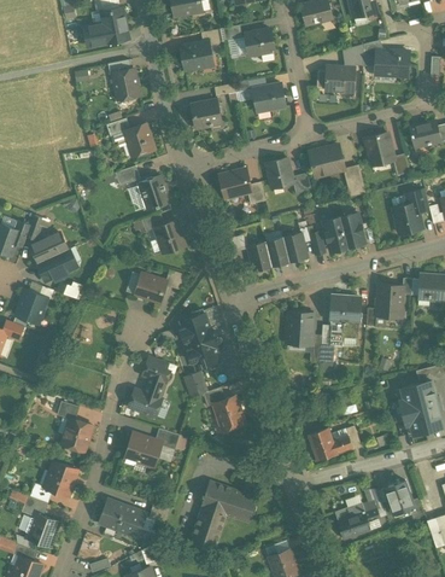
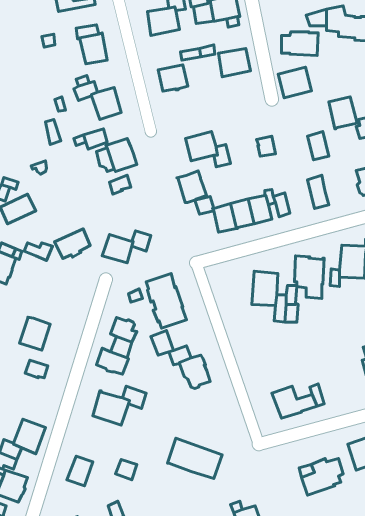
building: [310,145,344,176] -> [278,67,311,98]
building: [267,158,294,188] -> none
building: [323,217,351,251] -> none
building: [154,220,185,252] -> [177,171,206,203]
building: [39,249,75,279] -> [55,229,90,258]
building: [62,418,93,451] -> [19,317,50,350]
building: [117,505,146,536] -> none
building: [191,506,226,550] -> none

